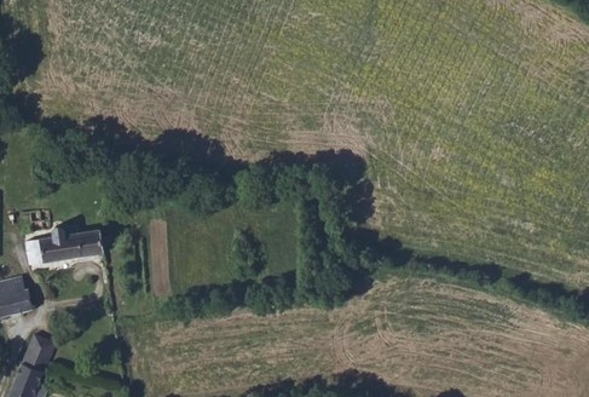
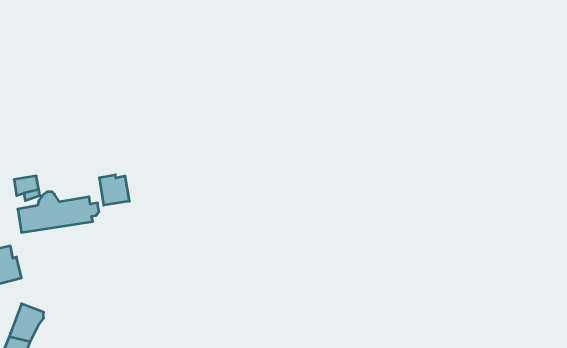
building: none -> [99,175,129,205]

